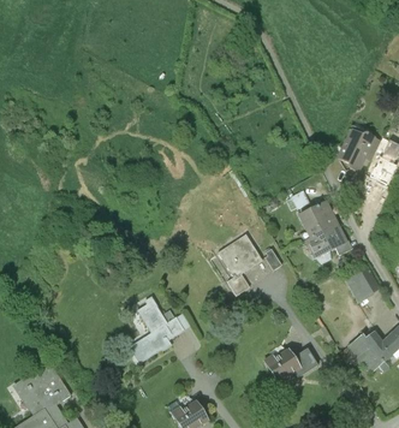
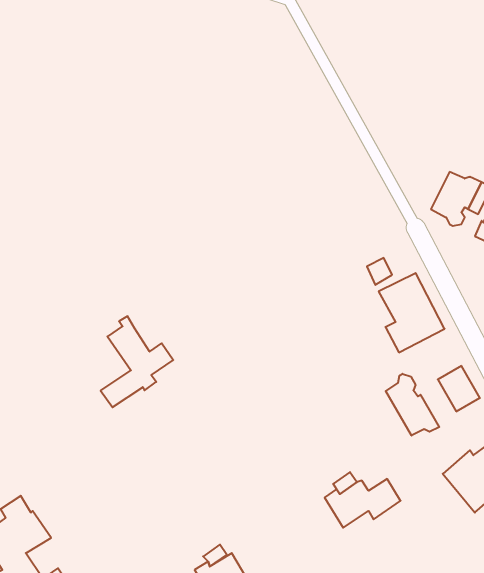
building: [219,242,261,298] -> none
building: none -> [386,374,439,436]
building: [132,299,184,364] -> [101,316,173,407]

